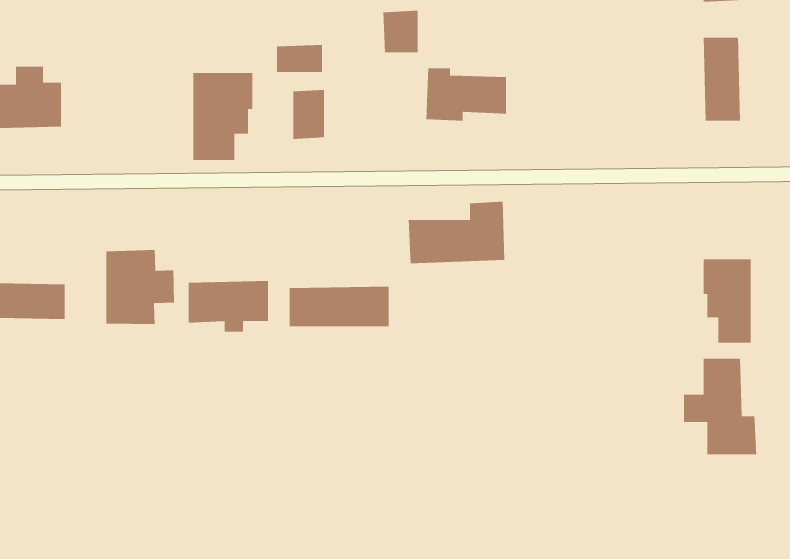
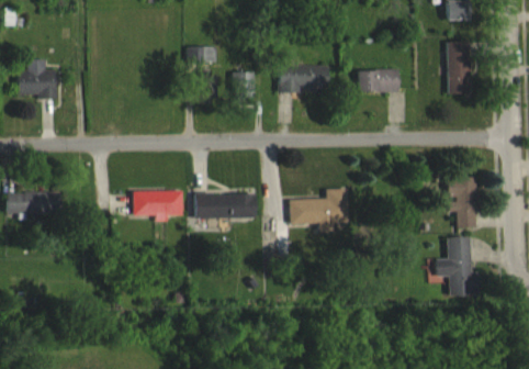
building: [382,10,418,53] -> [232,71,254,98]
building: [193,72,253,161] -> none
building: none -> [357,70,398,92]
building: [408,201,505,264] -> [289,188,348,226]
building: [106,249,175,325] -> none

